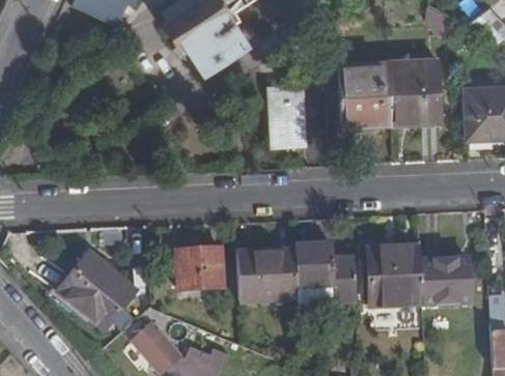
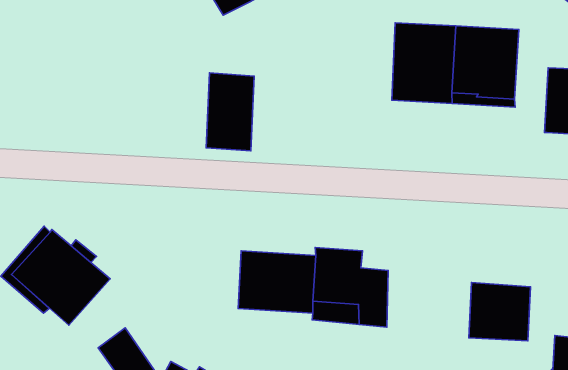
building: [271,84,309,144] -> [206,73,254,151]
building: [178,249,224,291] -> none
building: [369,249,423,307] -> none

